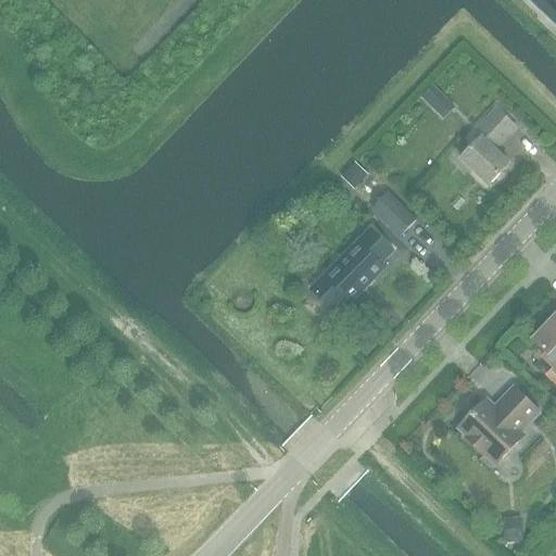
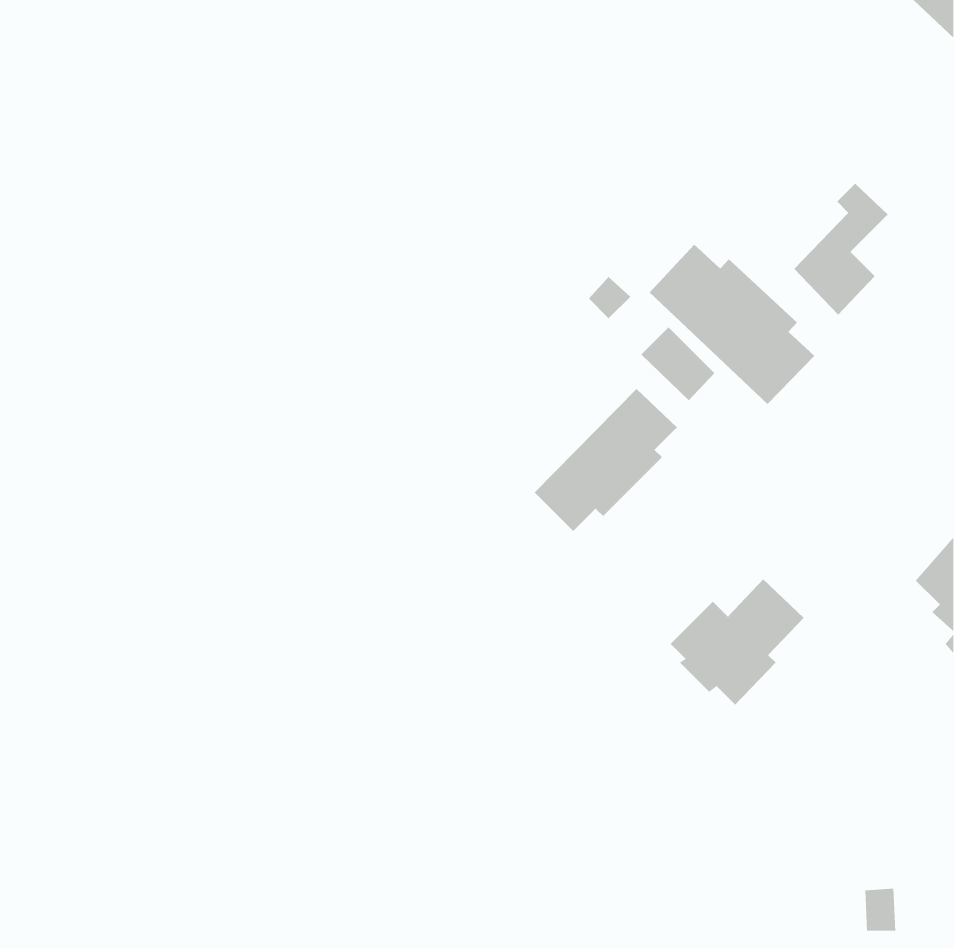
building: none -> [649,244,815,405]
building: [460,387,539,460] -> [670,579,804,705]

